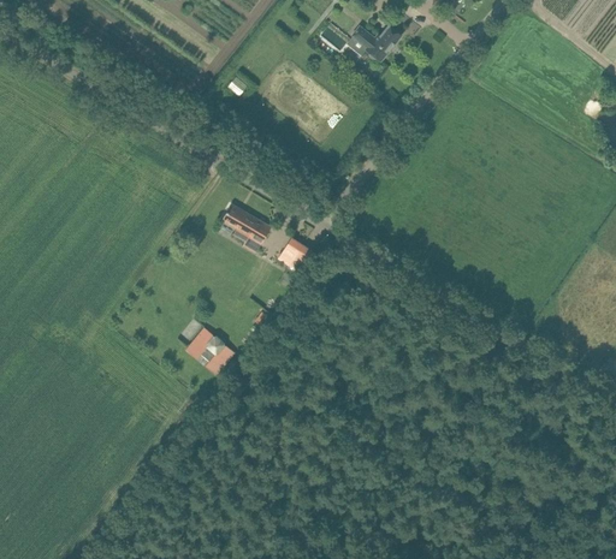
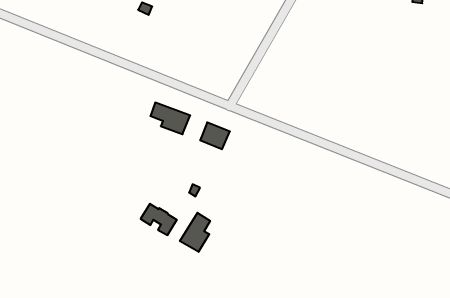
building: none -> [180,213,210,252]

